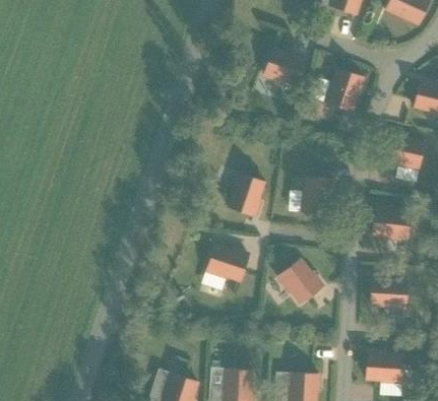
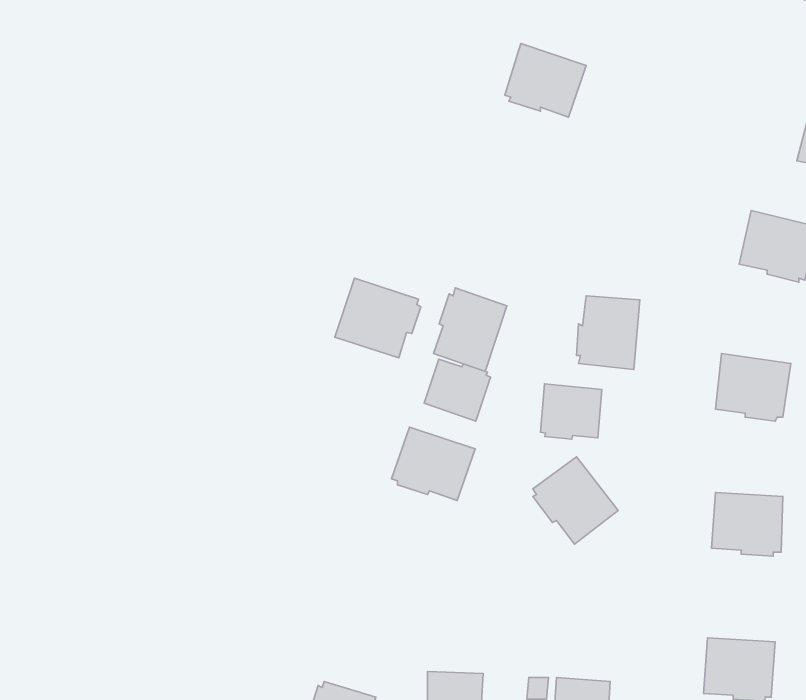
building: [326,68,365,111] -> none
building: none -> [335,278,421,358]
building: none -> [424,359,491,421]
building: none -> [540,384,602,439]

